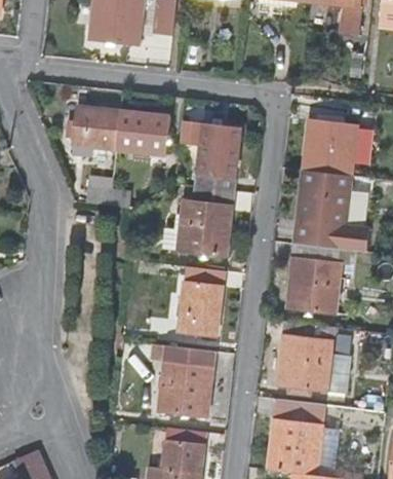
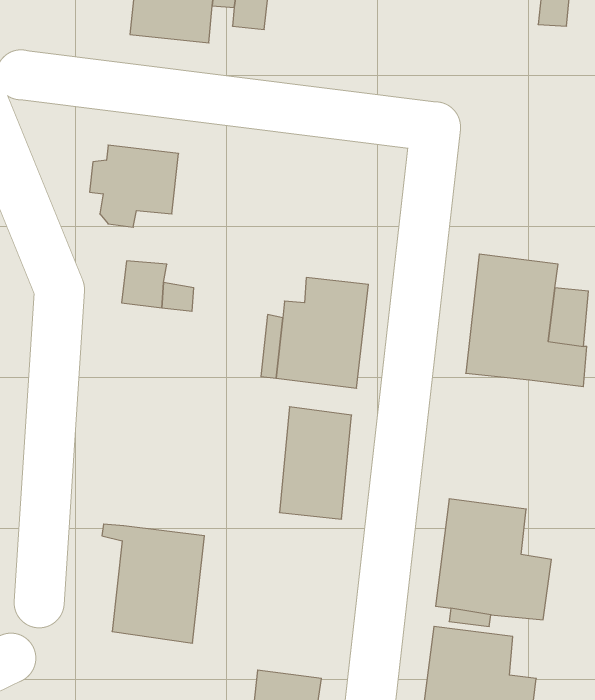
building: [116,111,170,154] -> none
building: [304,113,357,179] -> none
building: [182,121,242,191] -> none
building: [288,246,342,315] -> none
building: [153,344,215,417] -> [102,524,204,643]

